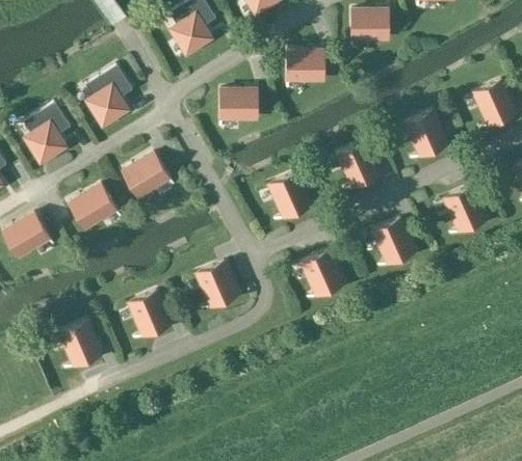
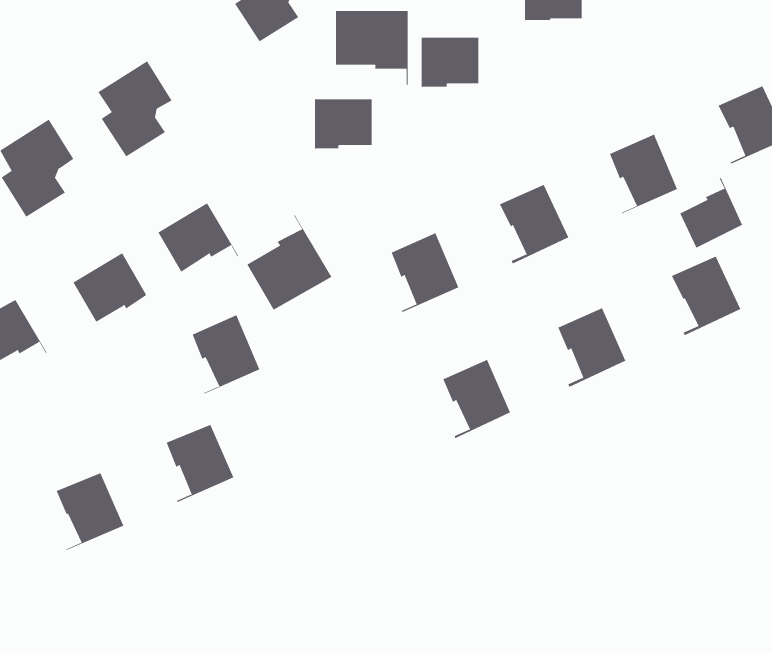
building: none -> [335,10,408,85]
building: none -> [680,178,743,248]
building: none -> [246,214,332,311]
building: [195,262,238,311] -> [192,315,260,395]

